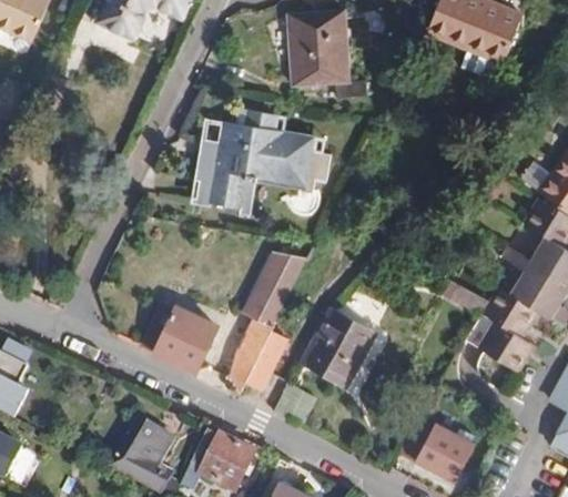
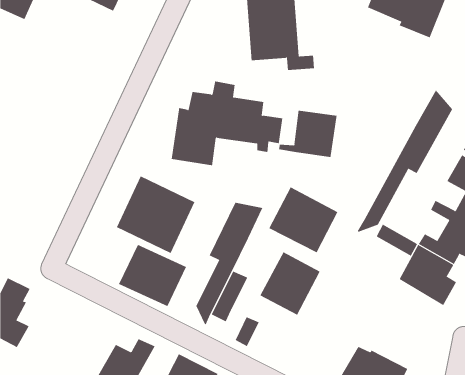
building: none -> [357,89,453,232]
building: none -> [279,110,337,158]
building: none -> [116,176,195,254]
building: none -> [269,187,338,253]

